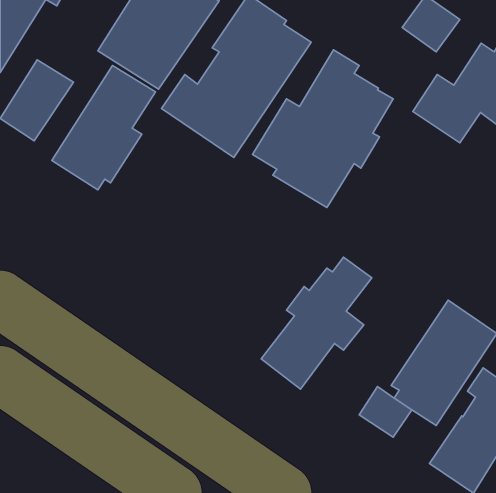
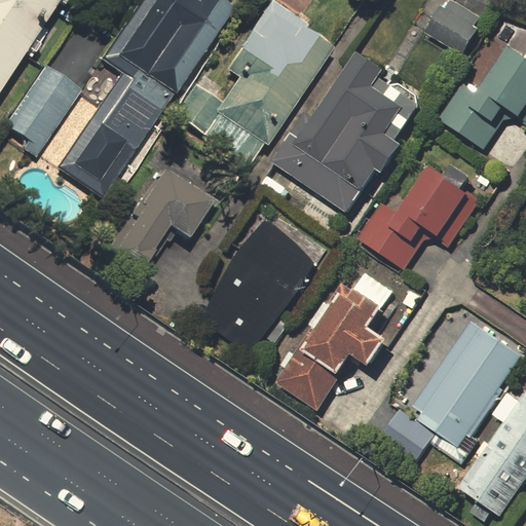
building: none -> [364,158,483,257]
building: none -> [104,168,209,266]
building: none -> [201,199,330,350]

